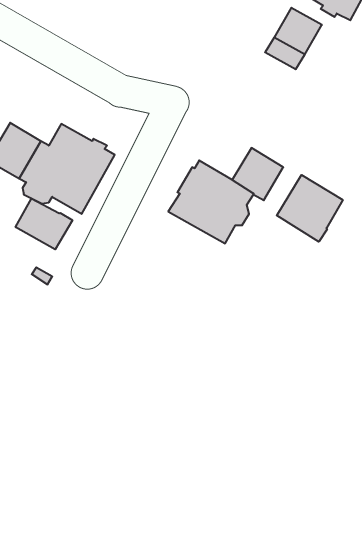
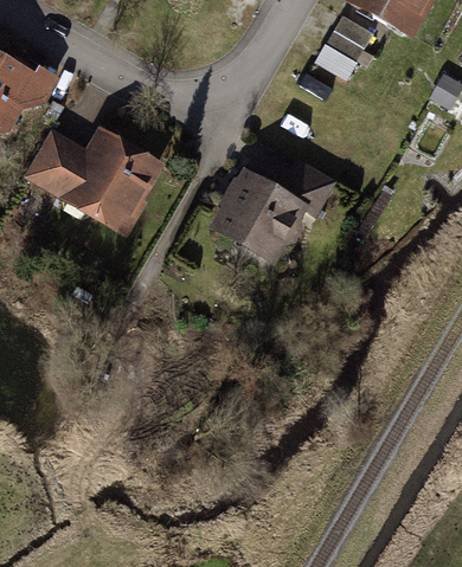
building: [277,175,343,242] -> none
building: [16,198,72,249] -> none

